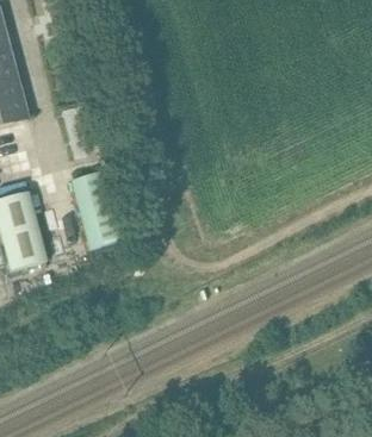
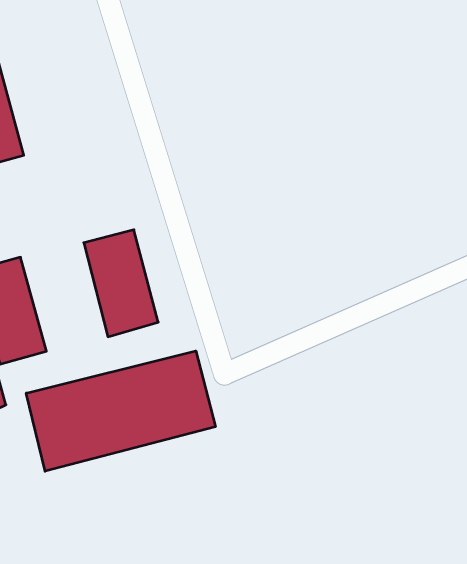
building: none -> [26,351,215,471]

